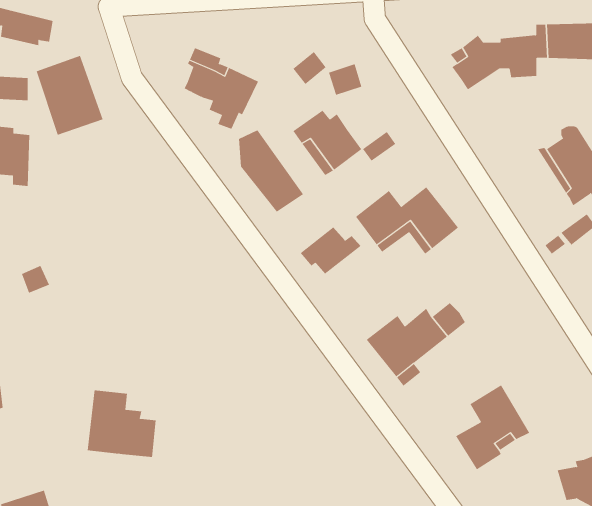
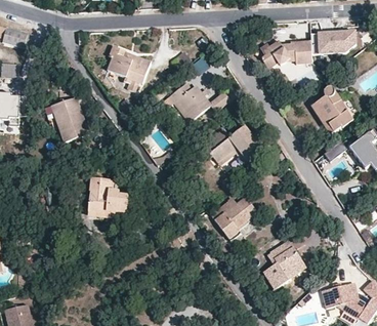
building: [36,55,104,135] -> [51,95,90,141]
building: [239,130,304,212] -> none
building: [300,226,361,274] -> none
building: [87,390,156,458] -> [88,179,128,218]

